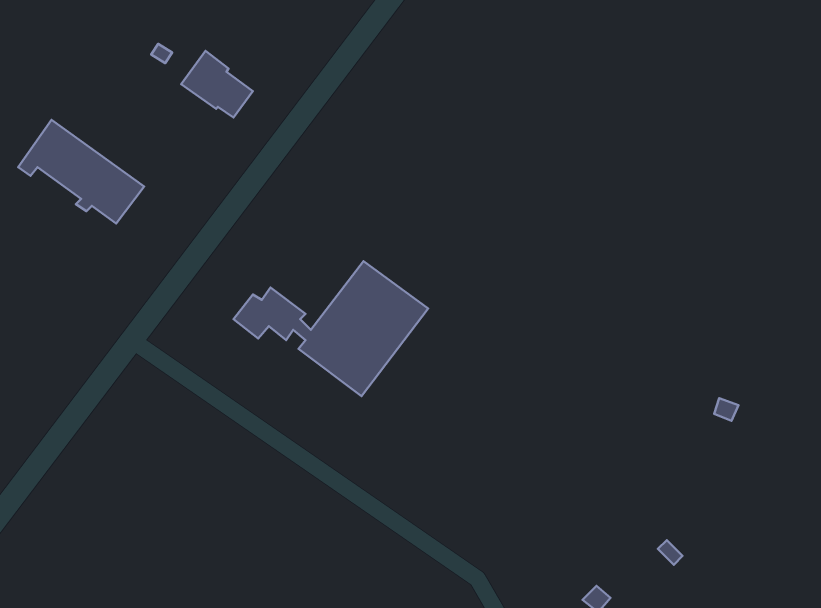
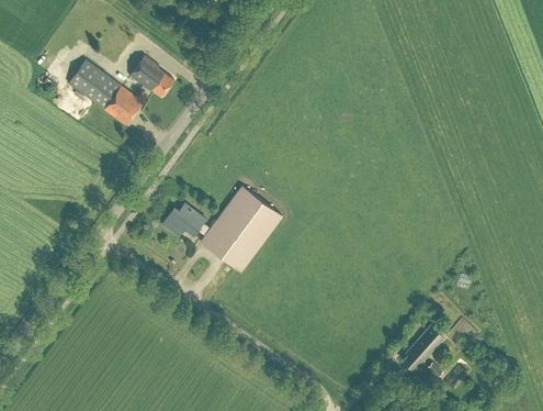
building: [18,120,144,223] -> [65,59,144,124]
building: none -> [403,323,445,369]

